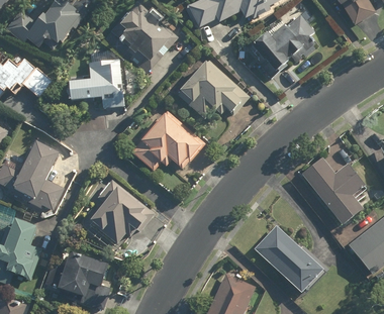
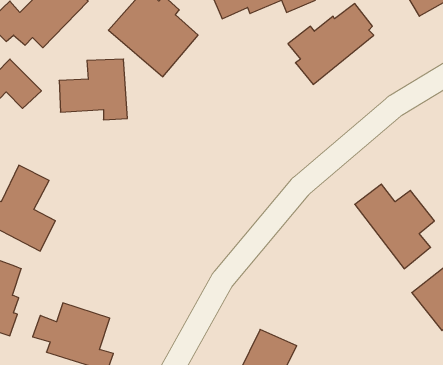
building: [175,58,250,119] -> none
building: [129,113,200,171] -> none
building: [89,176,152,242] -> none
building: [255,223,321,292] -> none

